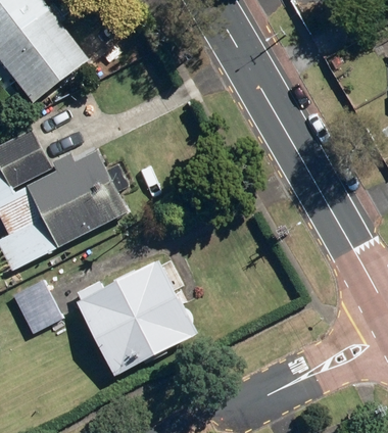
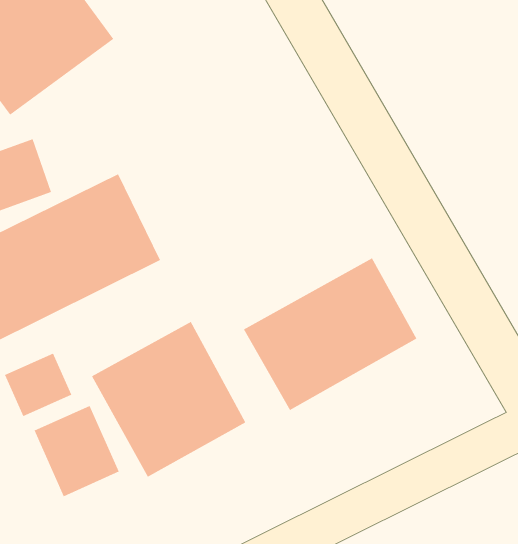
building: none -> [243,257,417,411]
building: none -> [34,405,119,497]

